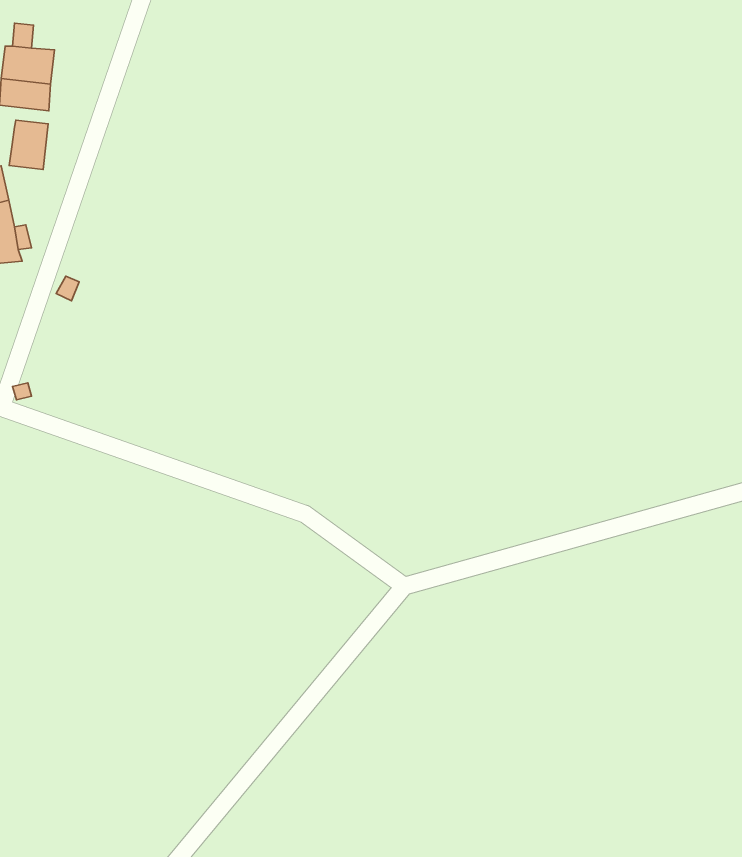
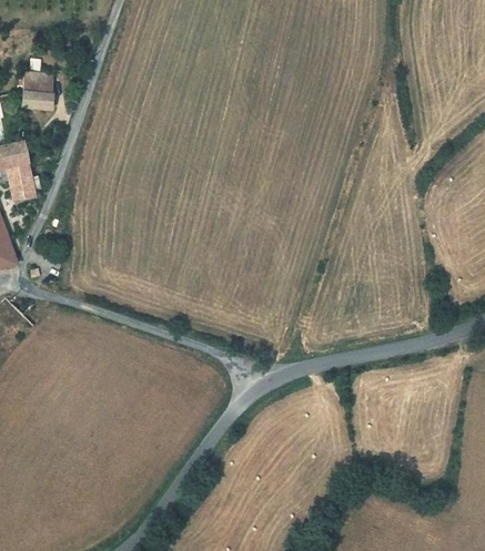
building: [9,120,48,169] -> none

